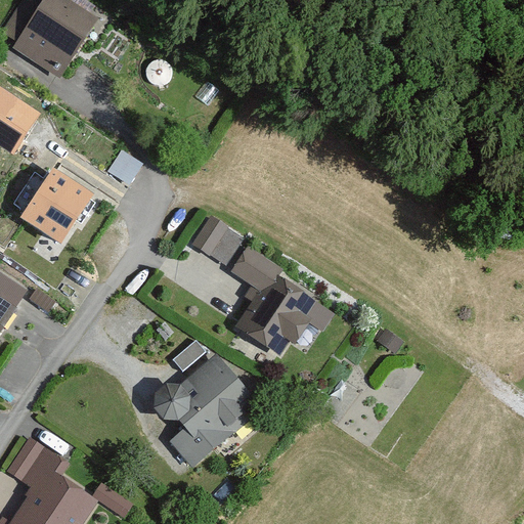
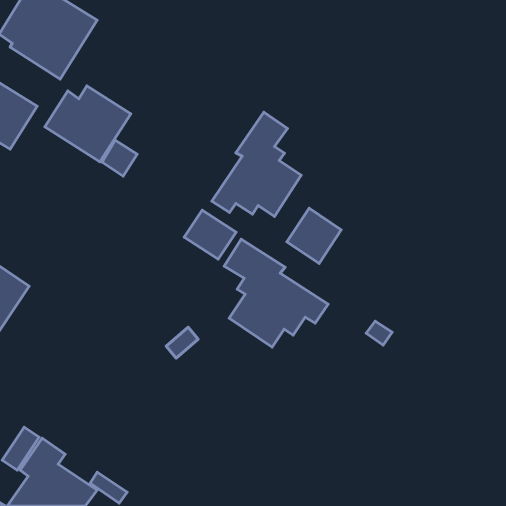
building: none -> [212,112,301,216]
building: [10,167,98,245] -> [45,86,131,162]
building: none -> [287,208,341,263]
building: [151,352,263,468] -> none

